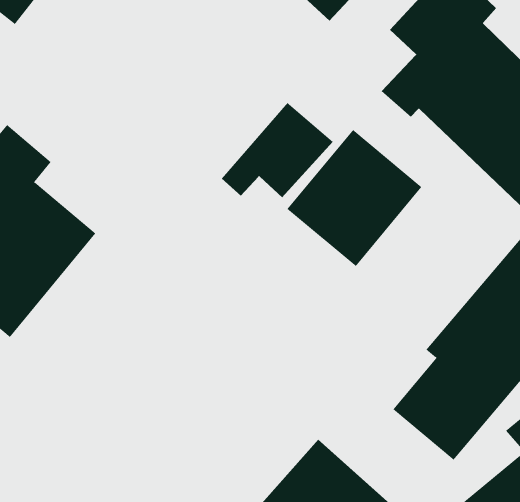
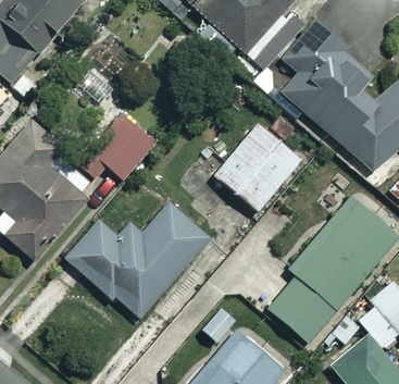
building: [221,102,333,198] -> [82,114,155,177]
building: none -> [66,203,207,319]

